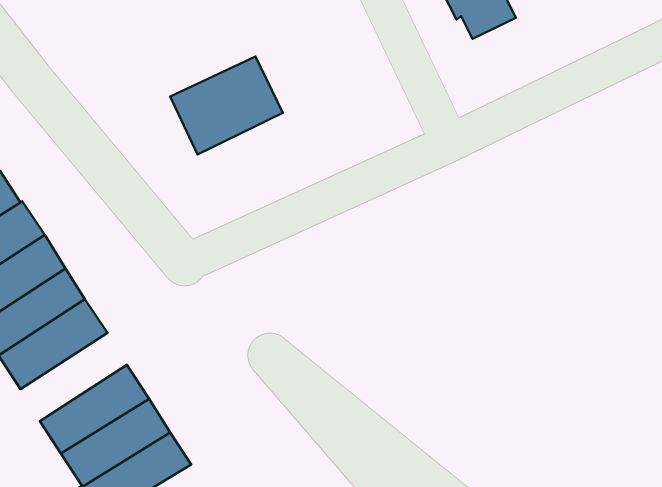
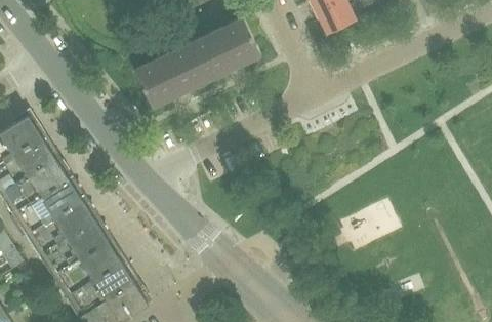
building: none -> [190,17,261,80]
building: none -> [40,220,108,277]

